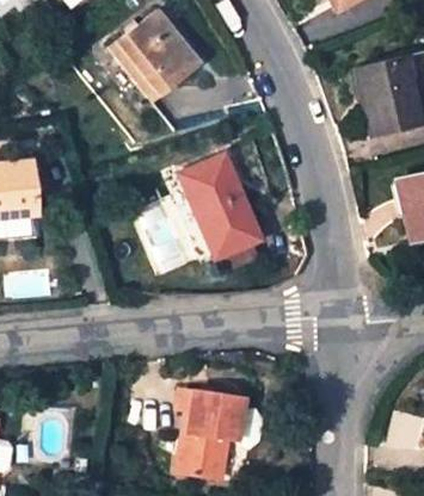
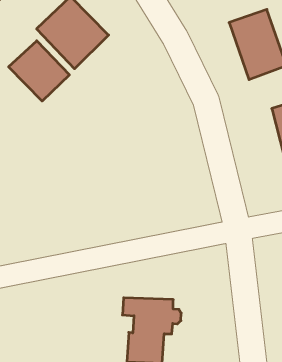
building: none -> [9,41,69,101]
building: [179,154,256,267] -> none

